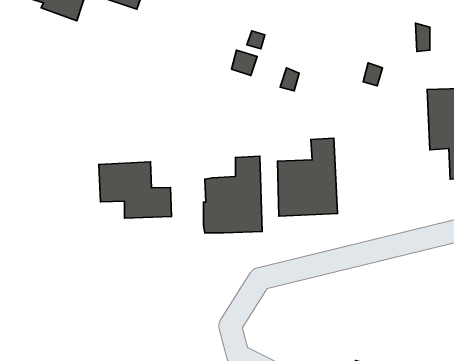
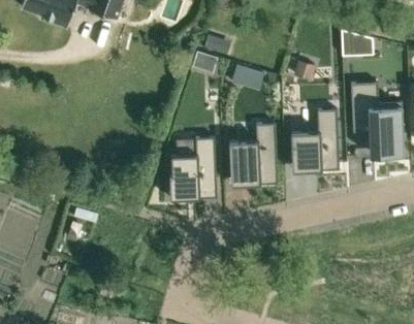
building: none -> [290,109,339,170]
building: [99,162,171,218] -> none

